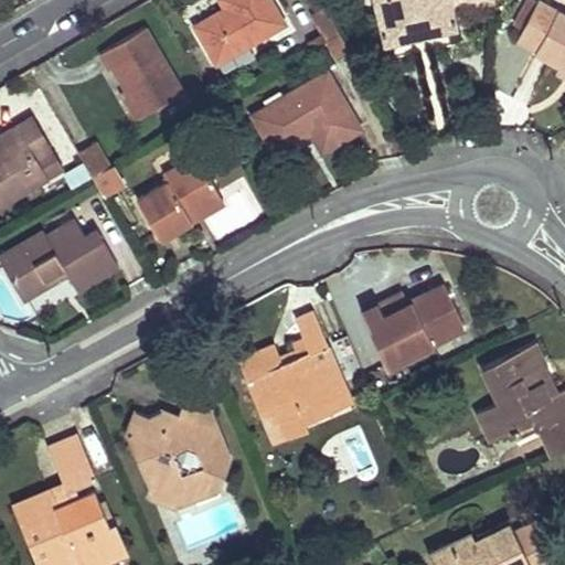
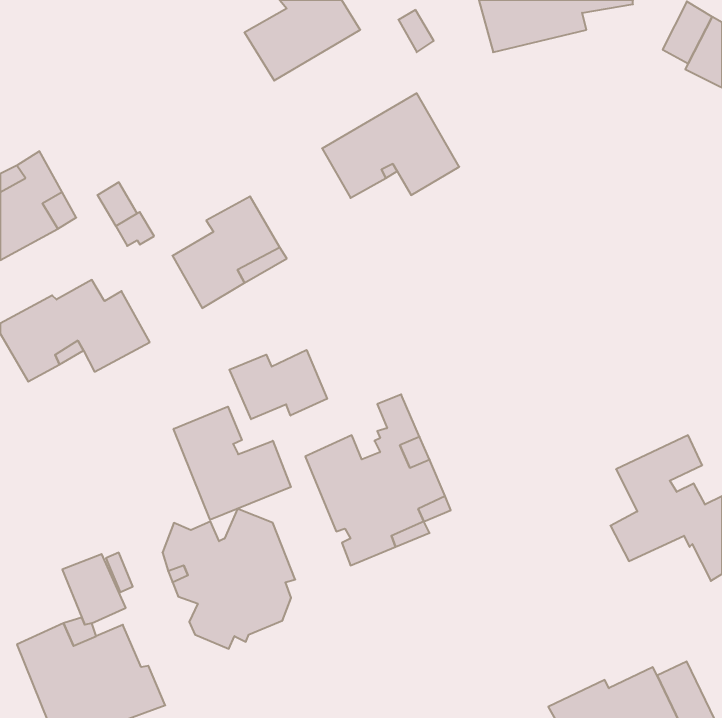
building: [98,32,182,119] -> none
building: none -> [229,350,327,419]
building: [361,286,466,366] -> none
building: none -> [174,407,291,520]

